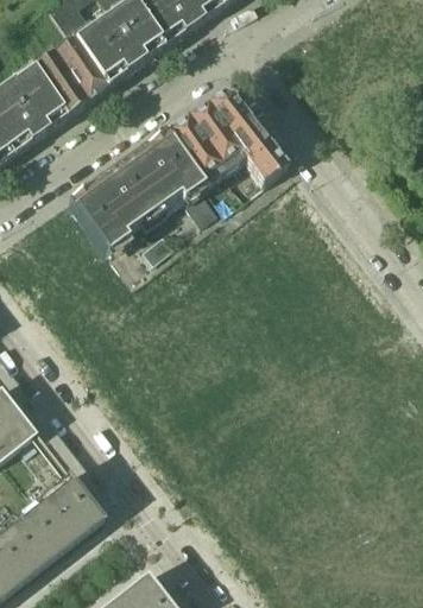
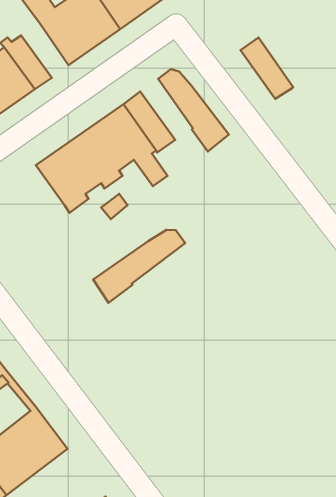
building: [49,42,105,102] -> none
building: [185,103,245,172] -> [240,38,293,99]
building: none -> [93,230,185,303]

